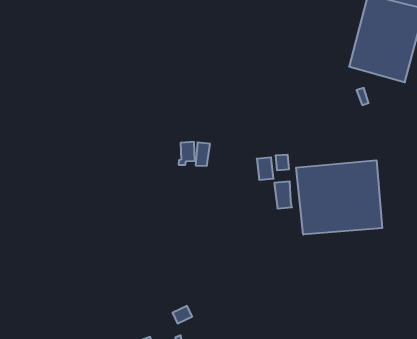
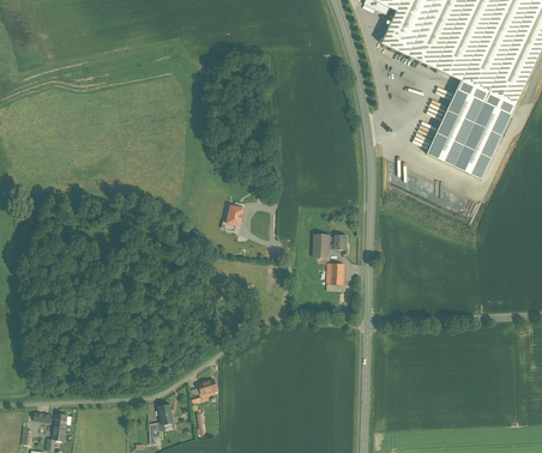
building: [296,160,382,235] -> none

